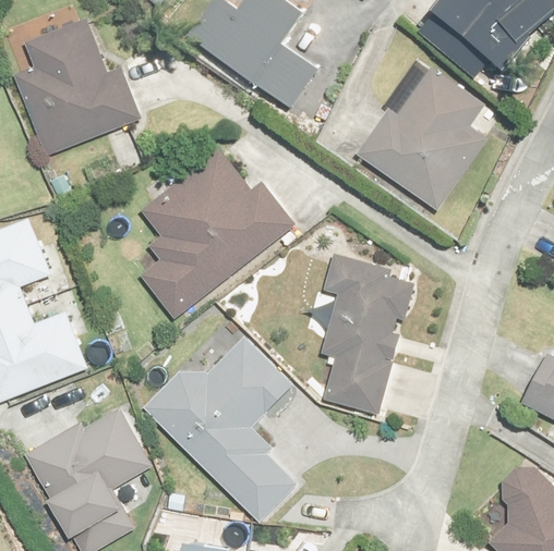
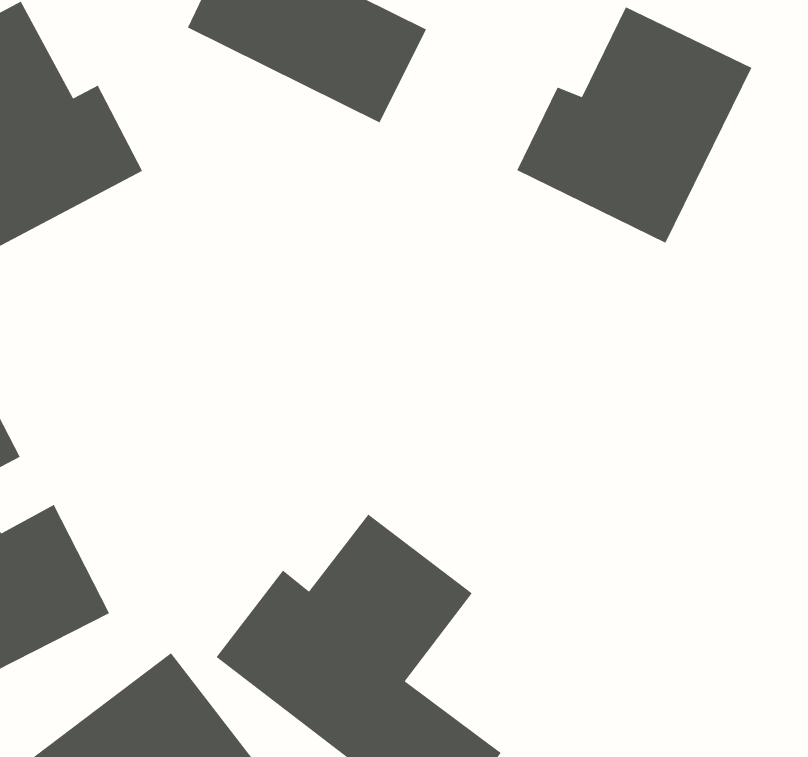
building: [141,148,294,315] -> none
building: [308,254,412,416] -> none

